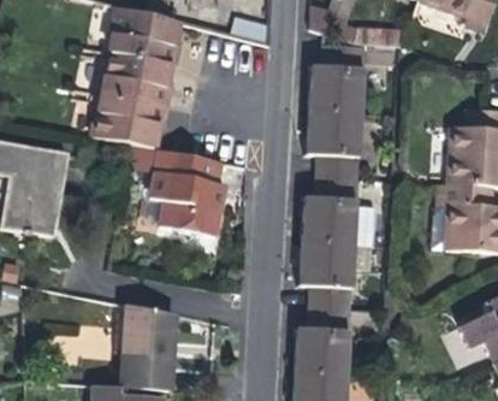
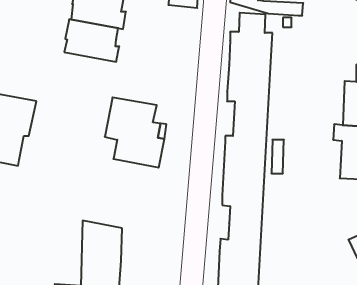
building: [94,92,168,146] -> none

